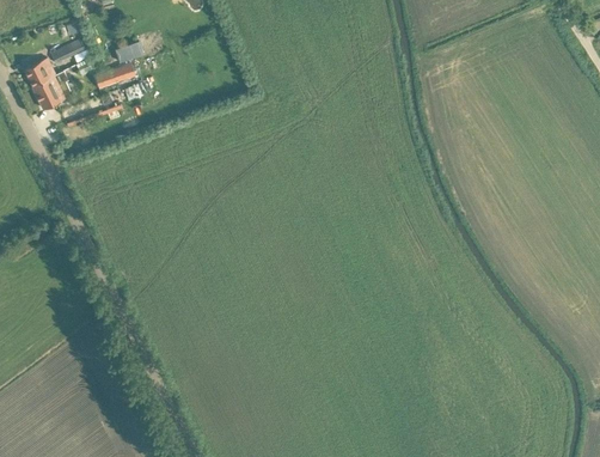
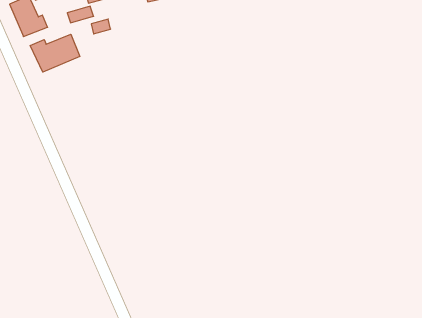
building: none -> [30,34,80,72]

